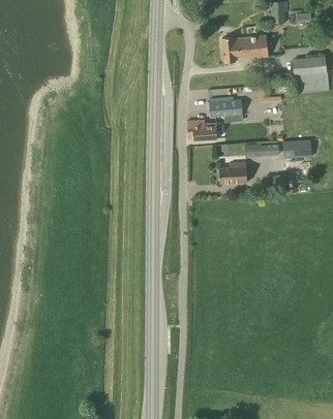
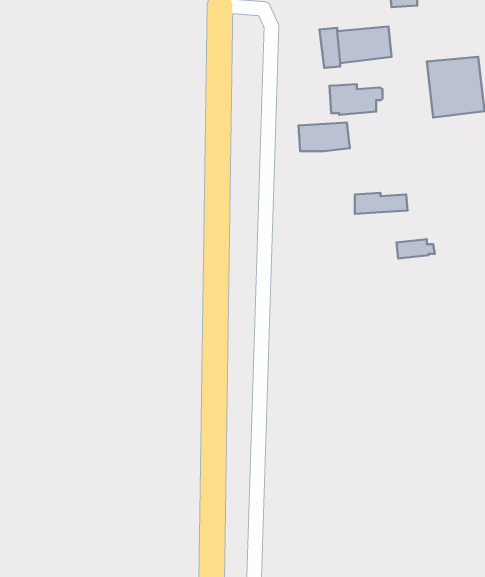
building: [187,120,221,139] -> [330,84,383,115]
building: [283,139,312,158] -> none
building: [219,161,247,183] -> none

